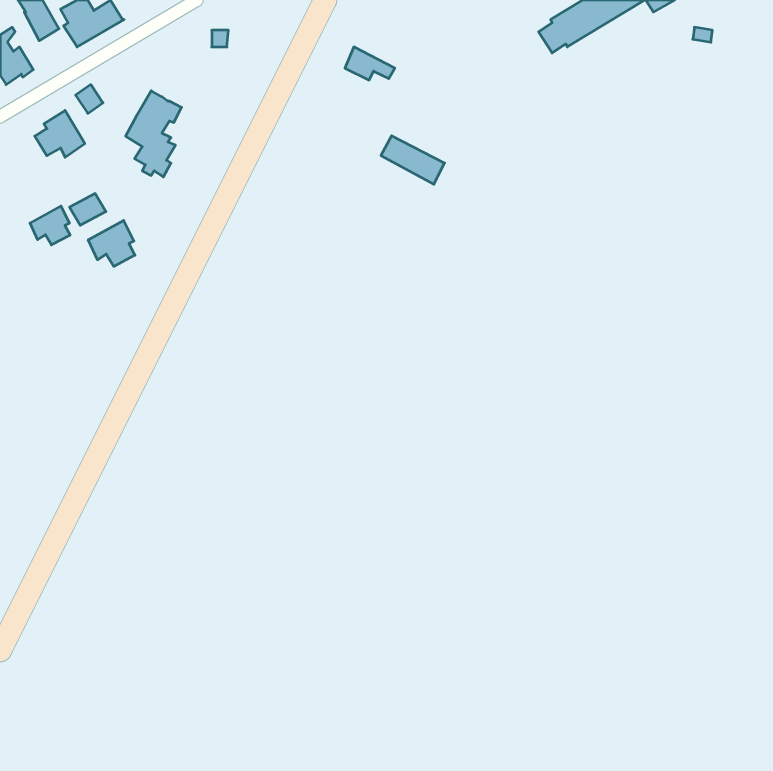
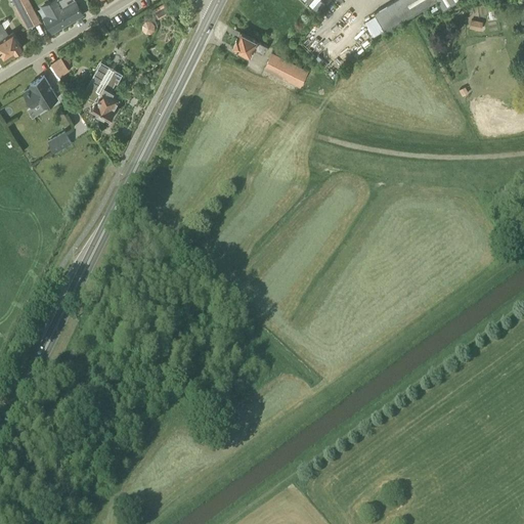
building: [381,136,445,184] -> [265,54,308,87]
building: [30,206,70,245] -> none
building: [88,220,135,266] -> none

